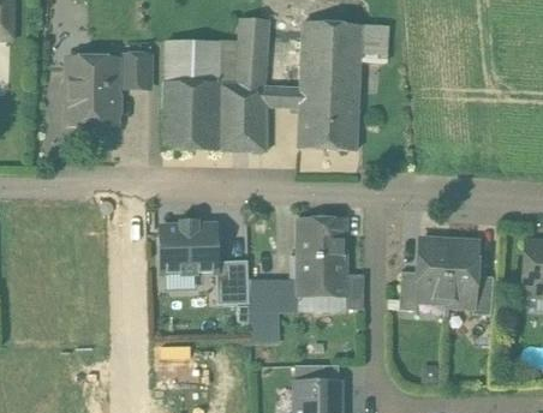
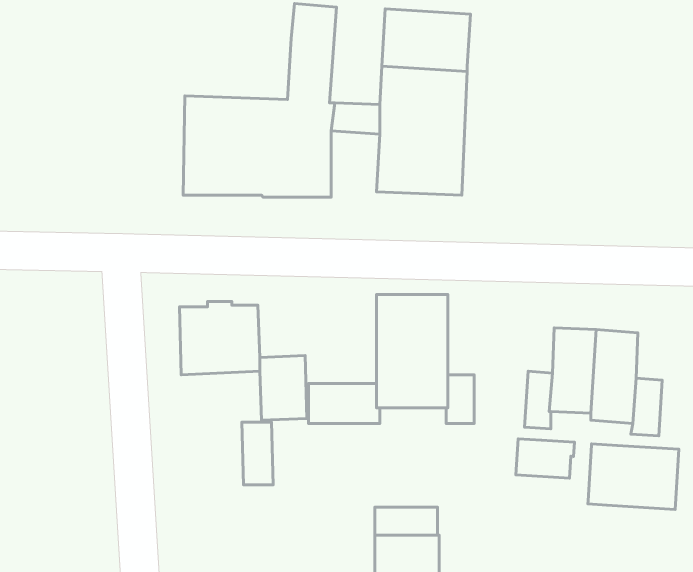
building: [359,24,387,61] -> none
building: [165,40,238,83] -> none
building: [121,53,150,88] -> none
building: [65,58,115,124] -> none
building: [250,306,272,349] -> [242,422,273,485]
building: none -> [516,439,575,478]
building: none -> [588,444,679,509]

